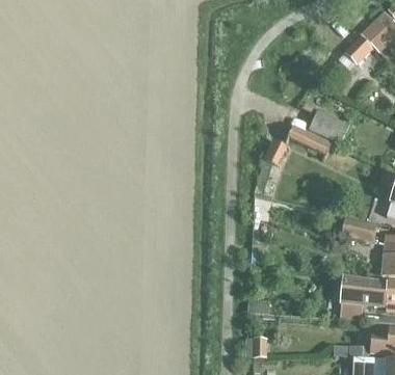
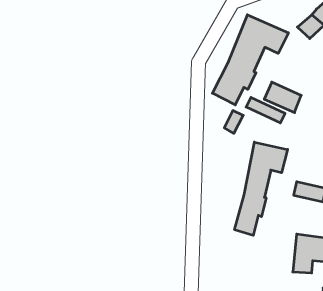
building: none -> [212,15,288,105]
building: none -> [235,142,288,235]

